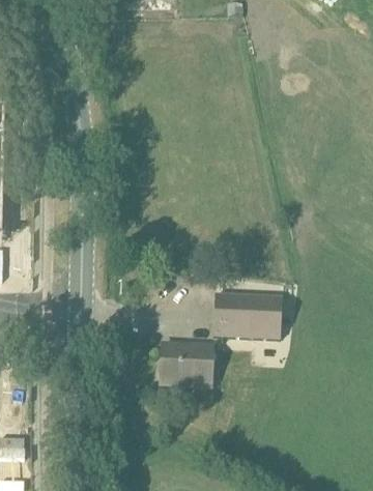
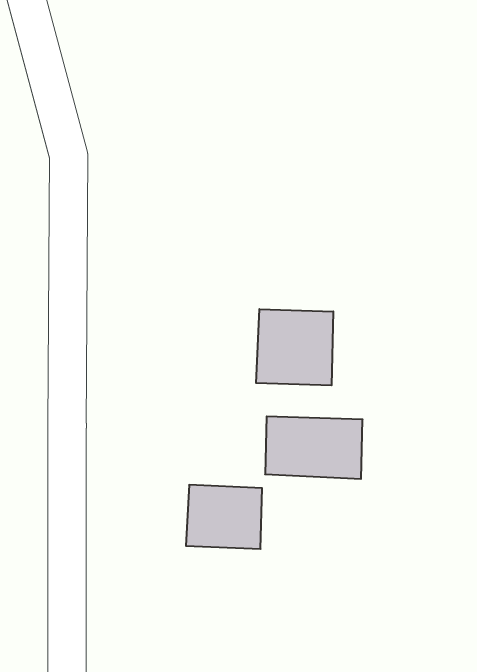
building: none -> [256,309,333,385]

